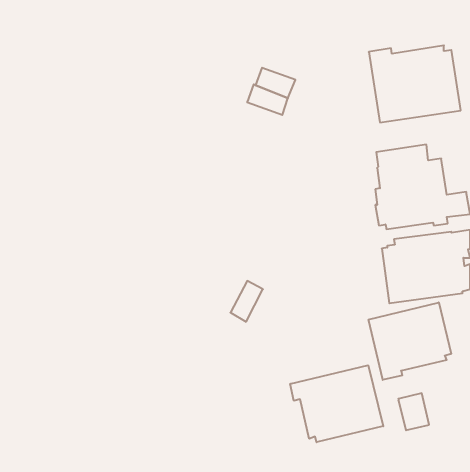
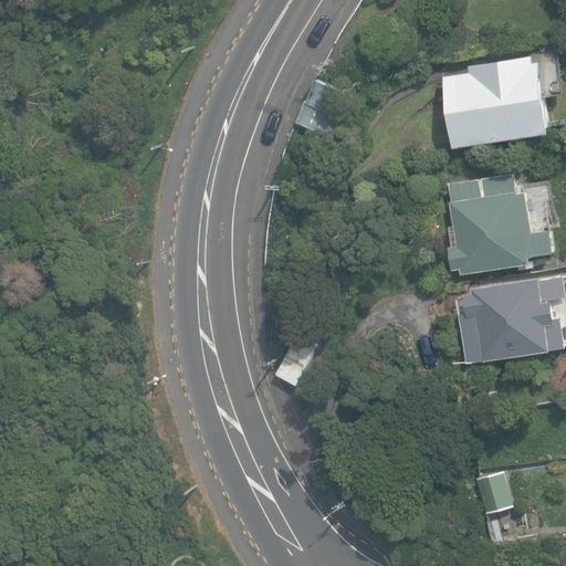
building: [369,302,451,380] -> none
building: [290,365,383,442] -> none

